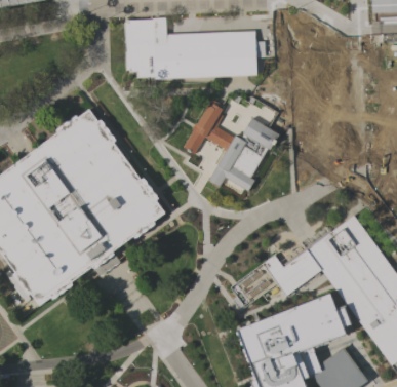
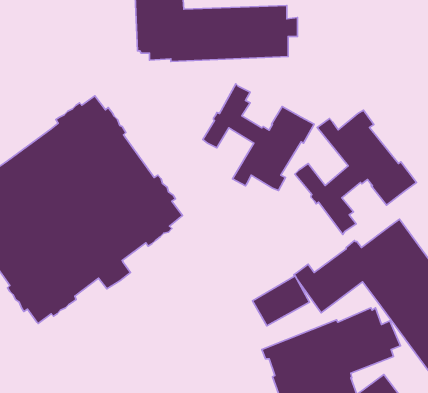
building: none -> [295,110,416,234]

